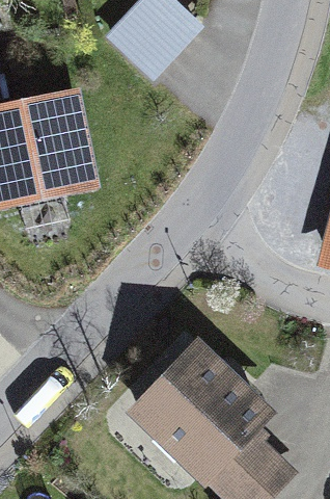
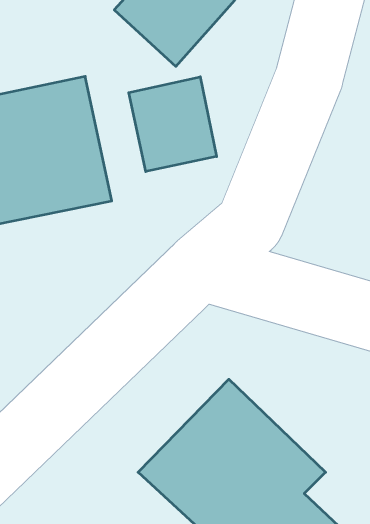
building: none -> [129,77,217,172]

